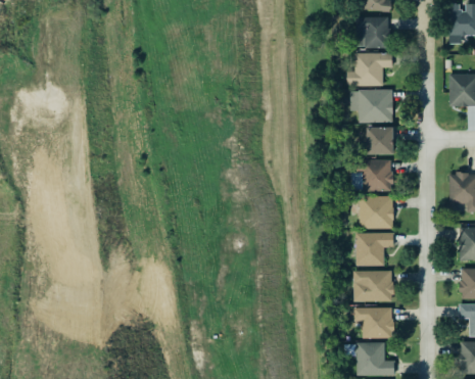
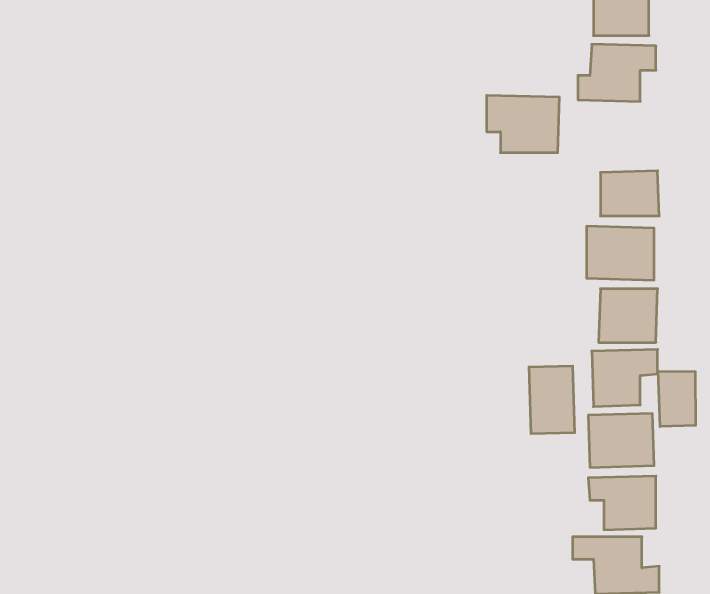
building: [350,89,393,123] -> [487,95,559,153]
building: none -> [529,366,575,434]
building: none -> [658,371,696,427]

